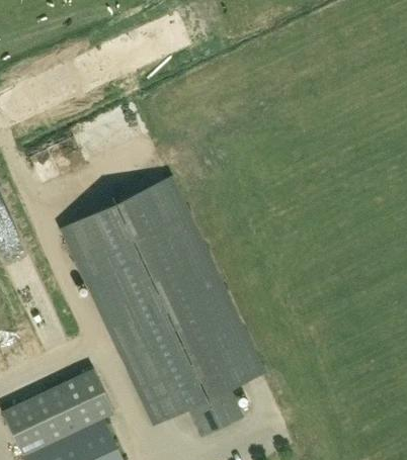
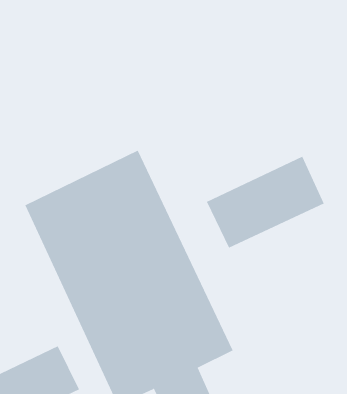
building: none -> [206,156,325,249]

